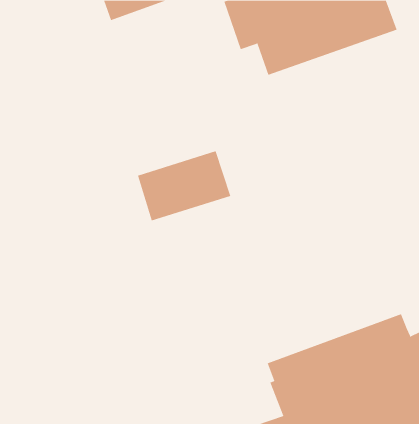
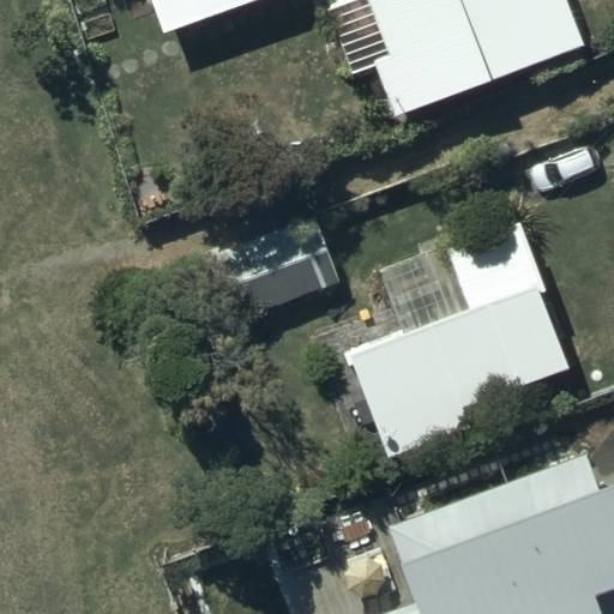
building: none -> [354,219,574,458]

